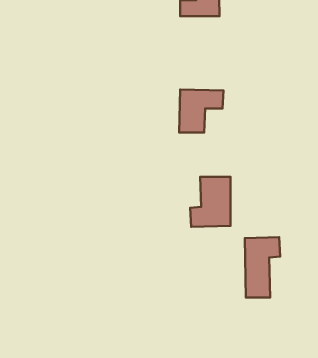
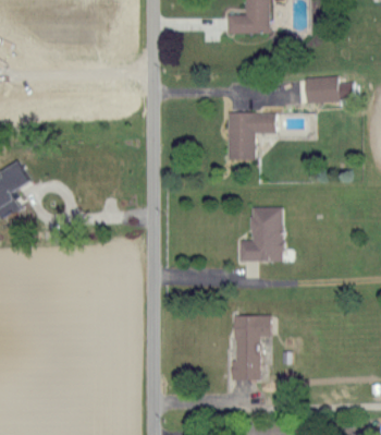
building: none -> [305,76,339,102]
building: [245,237,280,297] -> [234,315,272,380]

